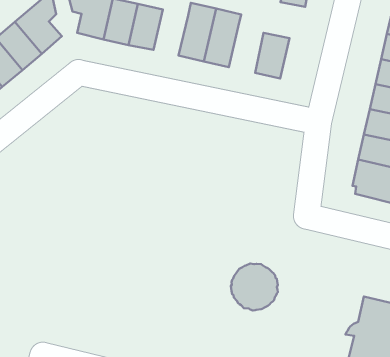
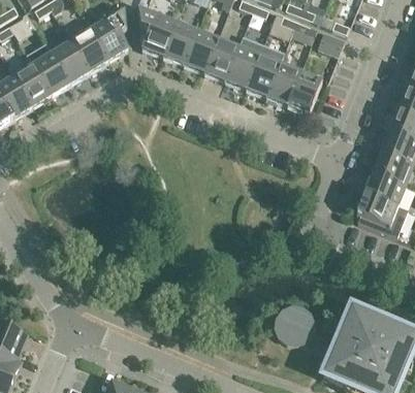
building: none -> [204,39,238,80]
building: none -> [266,64,300,105]
building: [231,264,278,310] -> [275,304,315,345]

